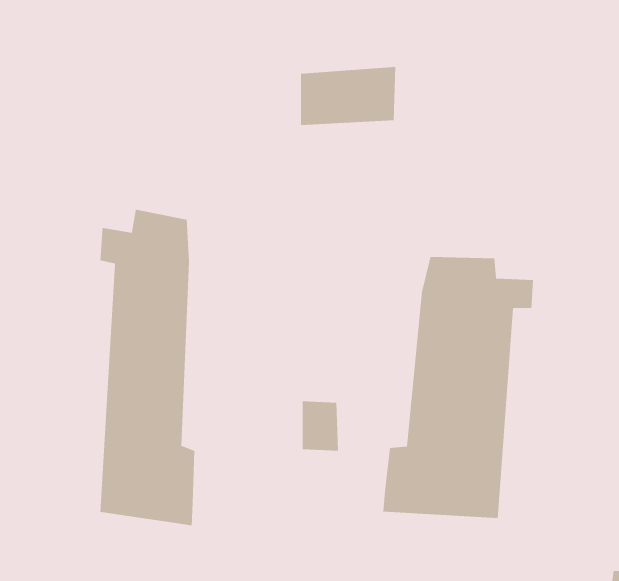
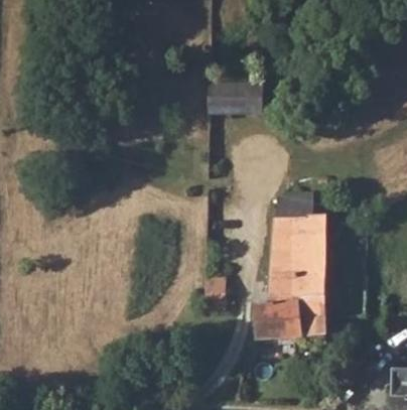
building: [100,209,195,526] -> none

